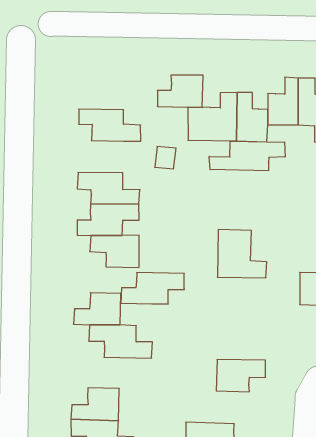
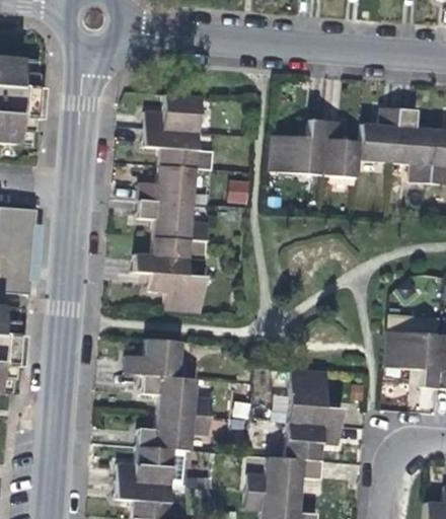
building: [157,75,203,107] -> [146,94,200,133]
building: none -> [141,165,195,204]
building: [209,141,285,171] -> none
building: [217,230,267,278] -> [286,368,343,426]
building: [121,273,184,304] -> [138,412,212,449]
building: none -> [246,456,320,496]

